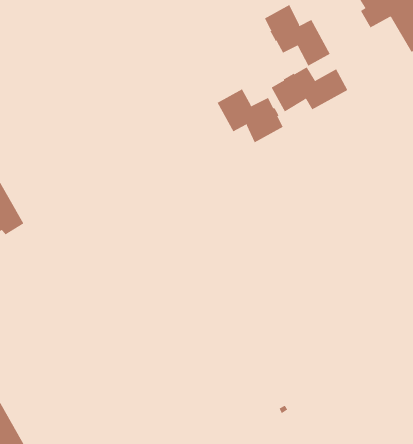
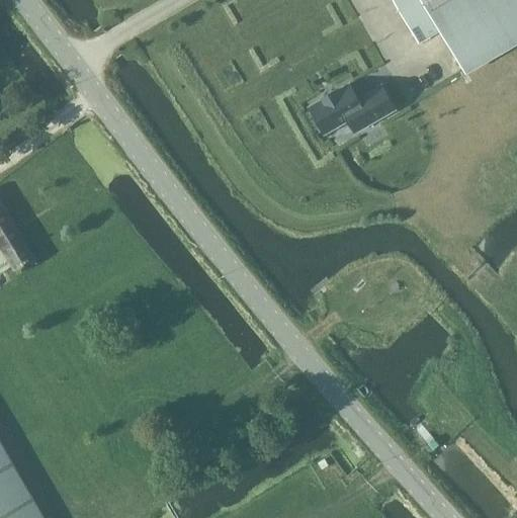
building: [264,4,331,67] -> none
building: [217,88,284,143] -> none

